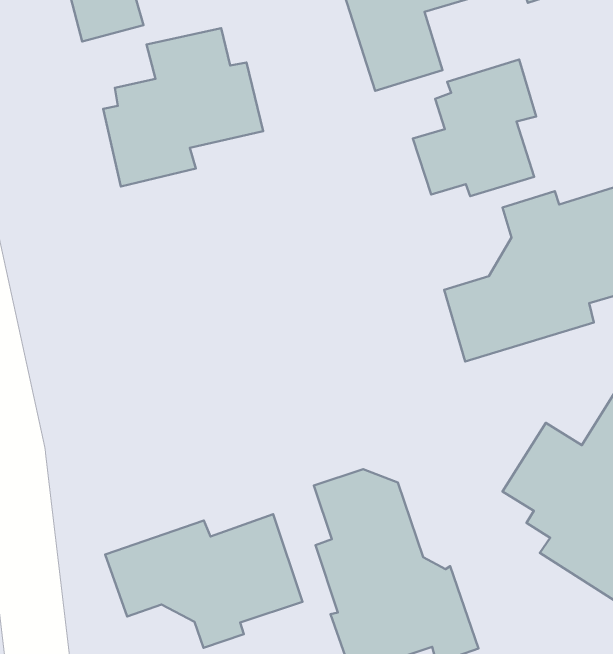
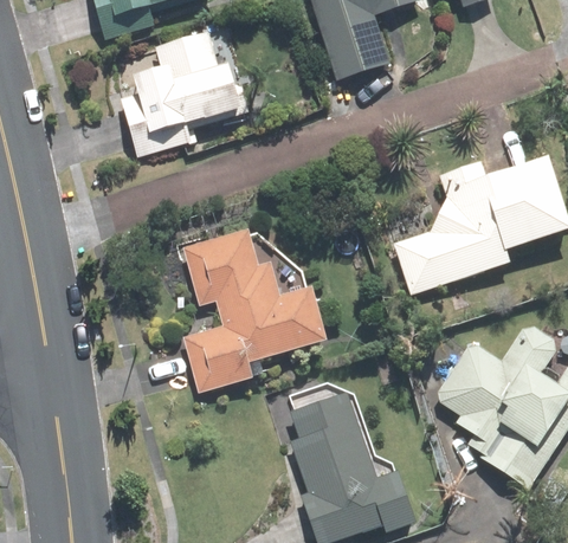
building: [413,60,536,196] -> none
building: none -> [182,230,325,392]
building: [105,514,303,648] -> none

